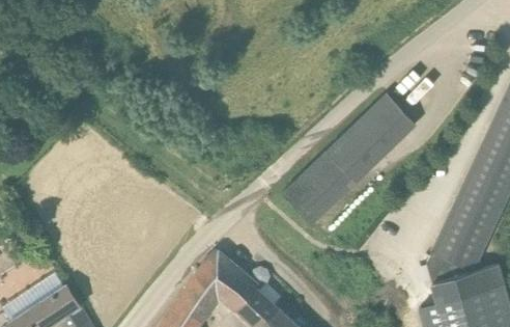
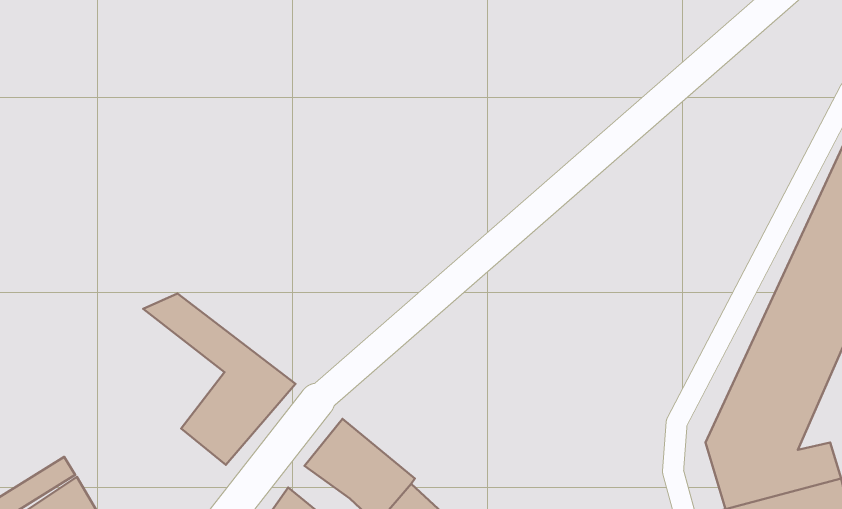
building: [280,92,419,229] -> none
building: none -> [143,293,295,465]

